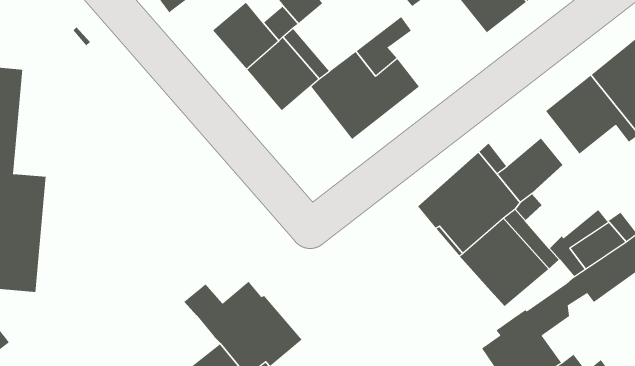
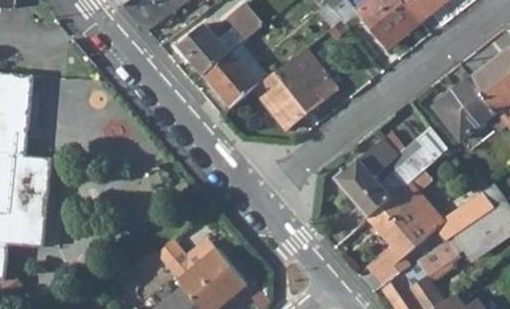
building: none -> [368,246,409,284]

